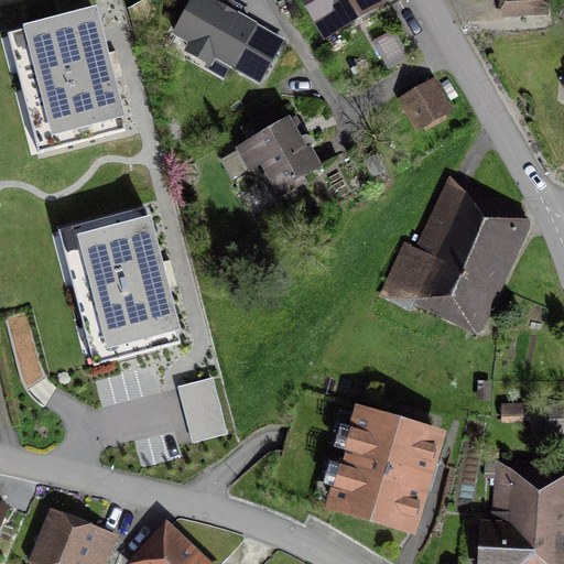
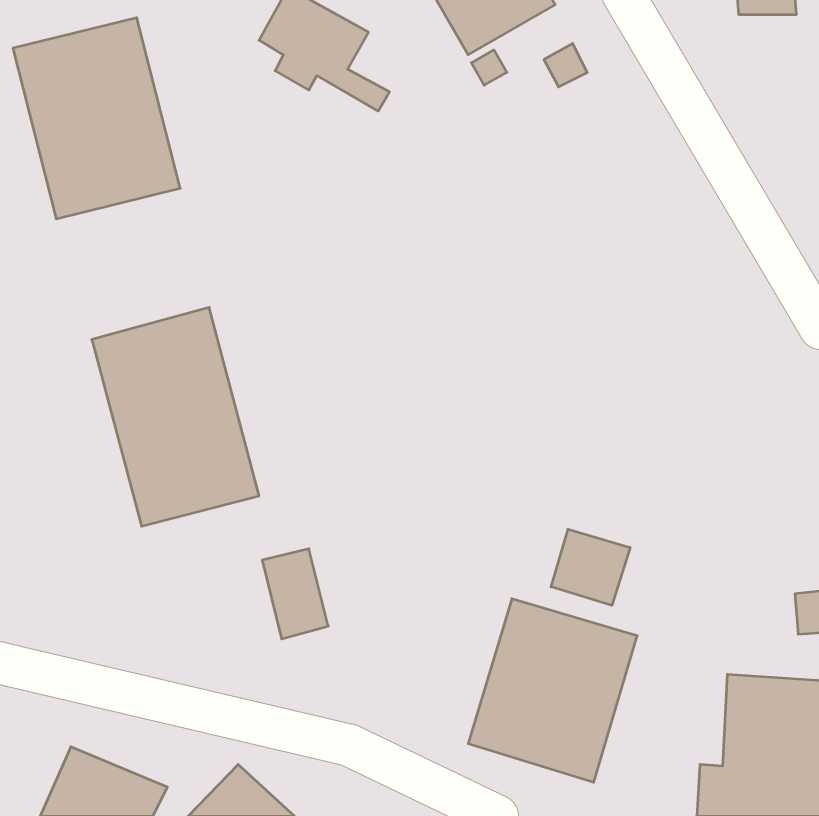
building: [400,80,451,127] -> none
building: [235,120,319,192] -> none
building: [387,177,529,328] -> none
building: none -> [551,529,630,605]

